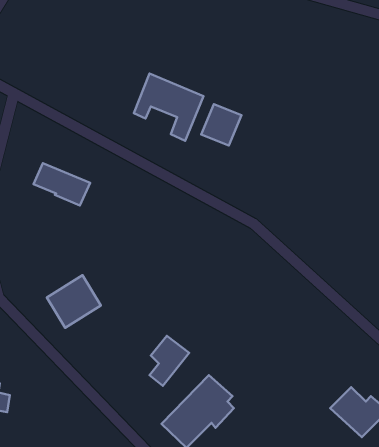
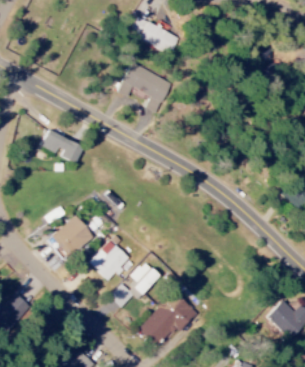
building: none -> [137,20,176,53]
building: [201,104,241,146] -> none
building: none -> [89,239,129,281]

